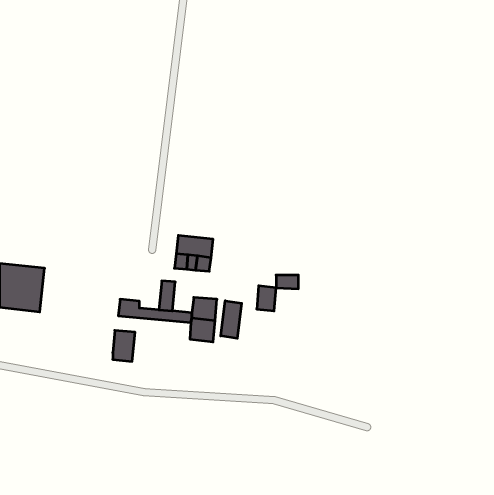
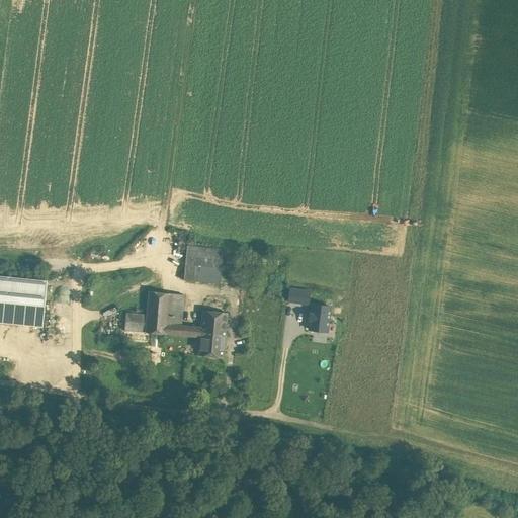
building: [257,286,276,311] -> [309,305,329,331]
building: [221,301,242,338] -> none
building: [113,330,135,361] -> [146,291,169,324]

